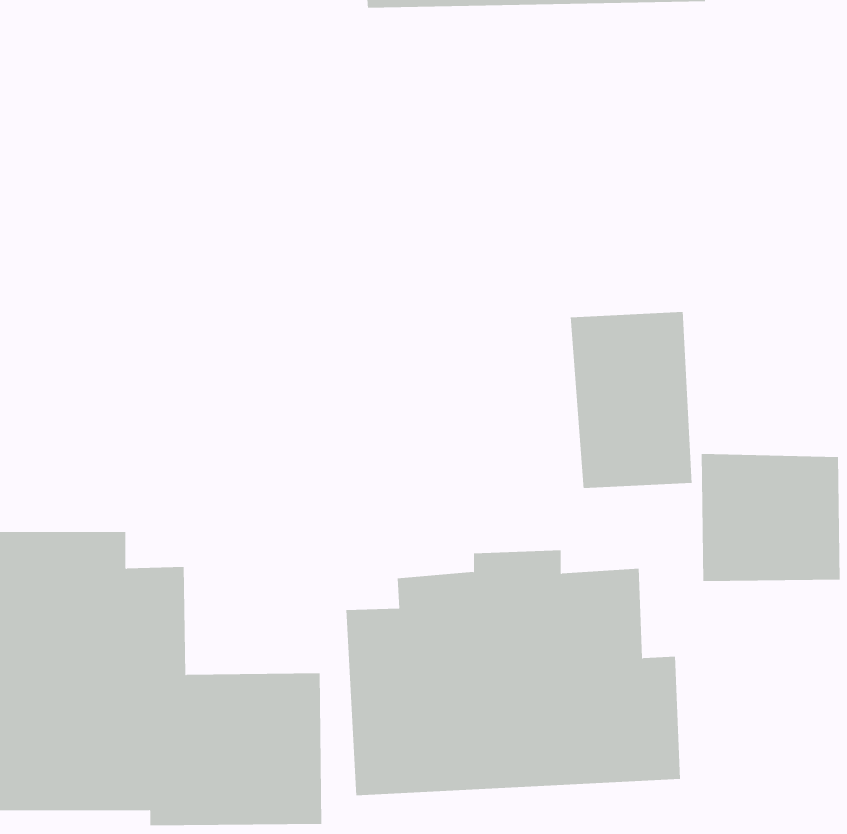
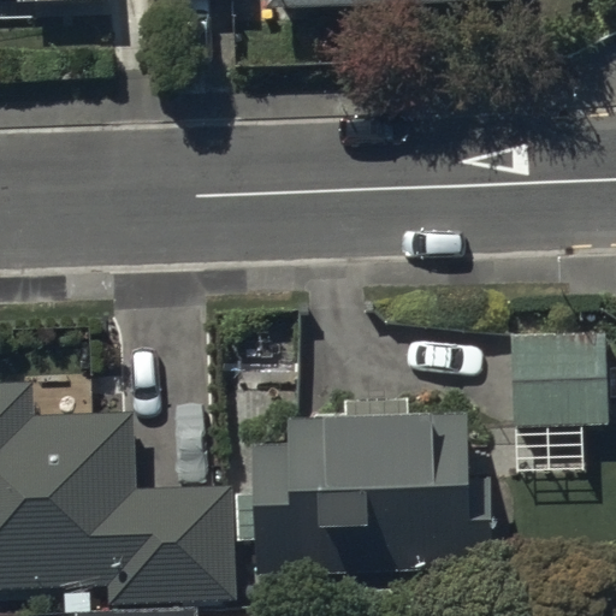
building: [570,311,692,489] -> none

